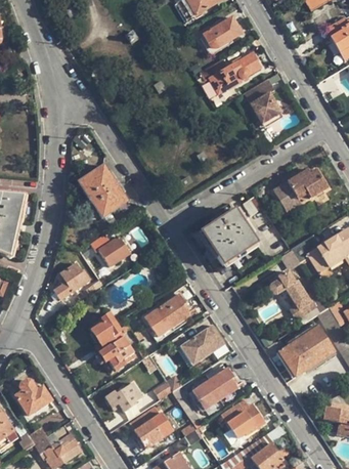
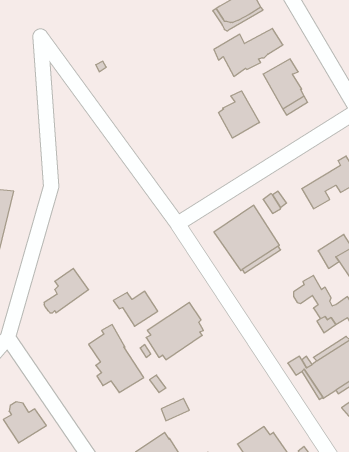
building: none -> [219,91,260,138]
building: [78,164,129,219] -> none
building: [92,236,131,266] -> [113,291,158,326]
building: [181,325,226,366] -> none
building: [193,365,241,410] -> none
building: [105,381,143,412] -> none

